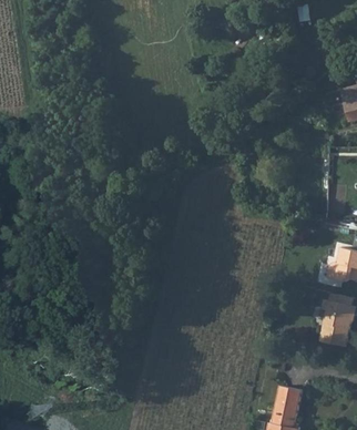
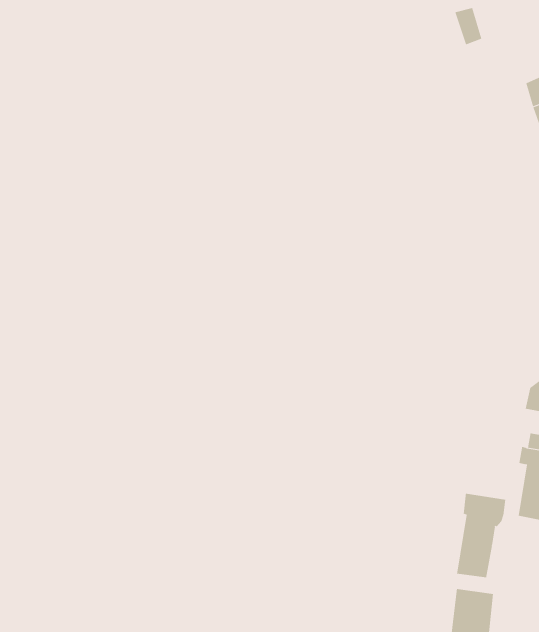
building: none -> [456,493,506,578]

